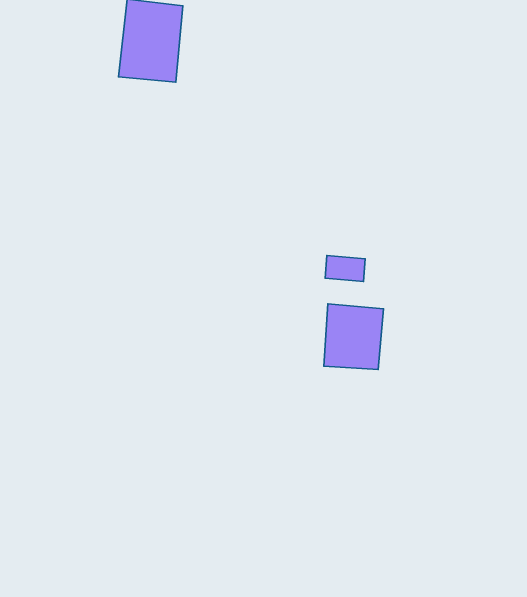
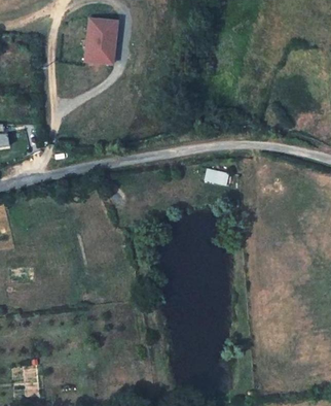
building: [324,304,384,370] -> none

